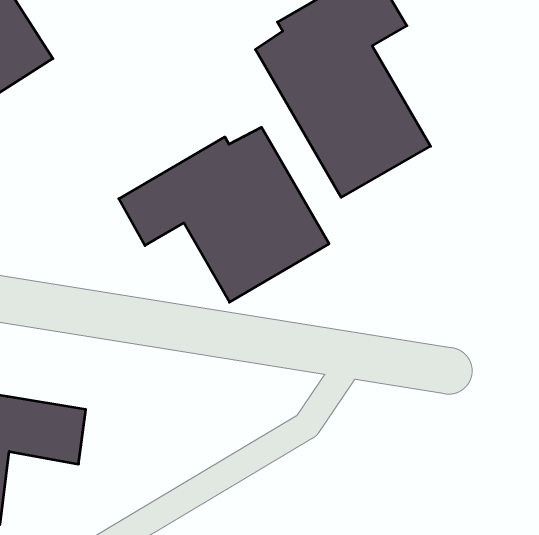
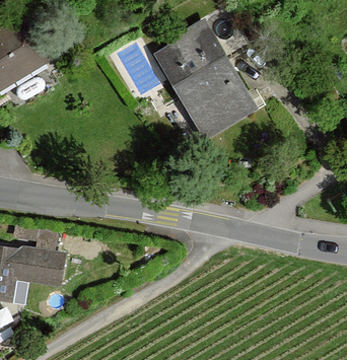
building: [119,127,329,302] -> none

